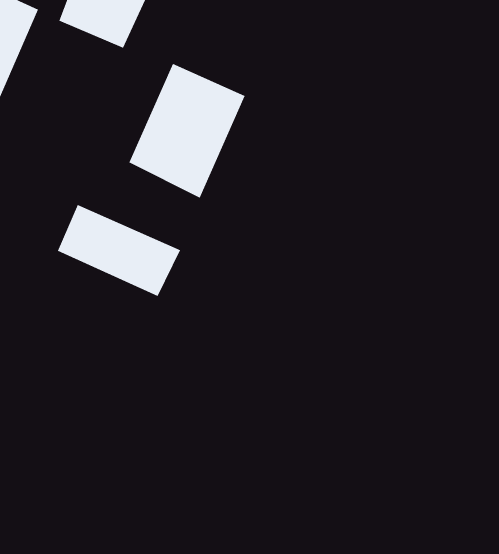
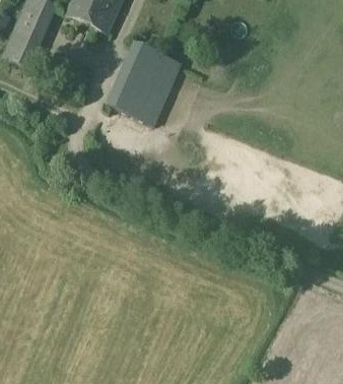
building: [57,204,181,297] -> none

